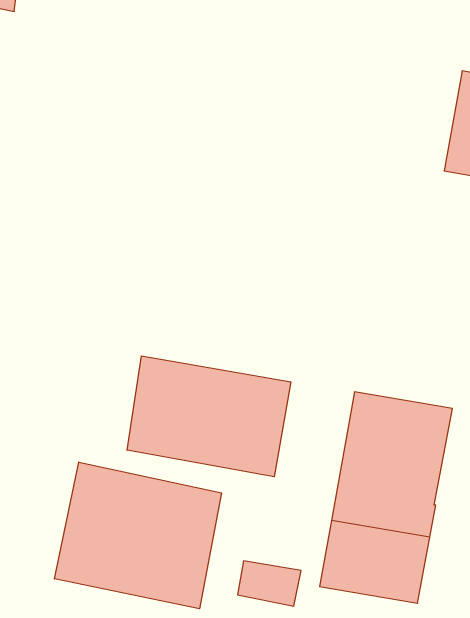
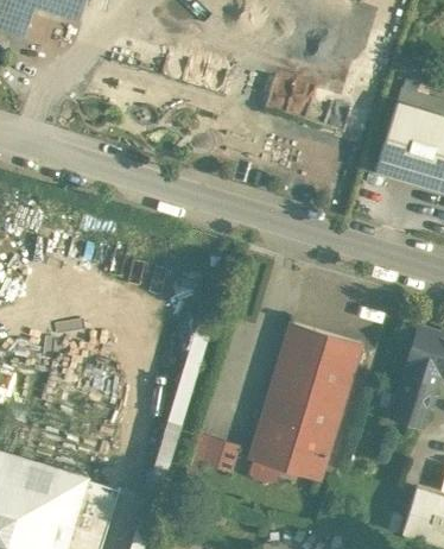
building: [127,356,291,477] -> none
building: [55,462,222,609] -> none

